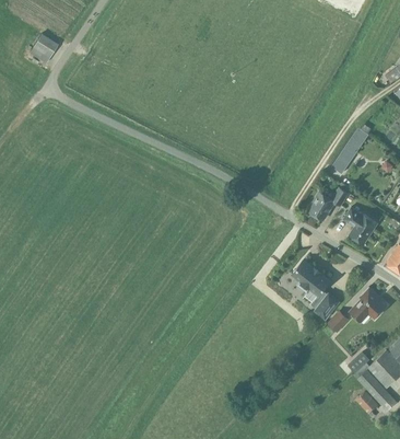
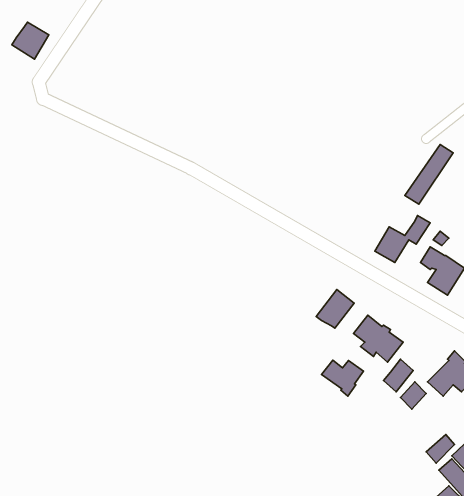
building: none -> [316,289,354,328]
building: none -> [322,360,364,396]

